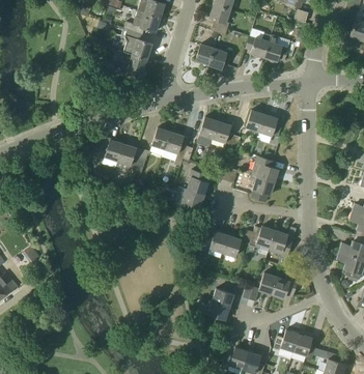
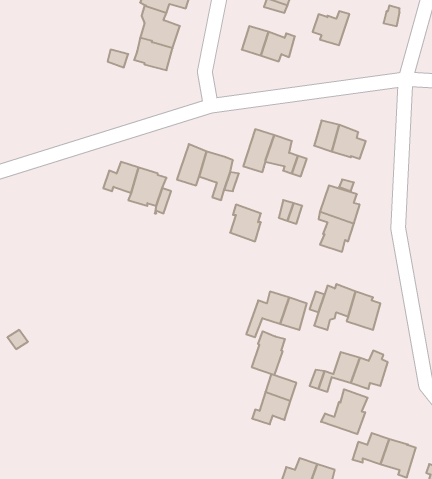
building: [264,34,297,61] -> none
building: [174,189,205,211] -> none
building: none -> [252,331,285,375]
building: none -> [321,389,368,434]

